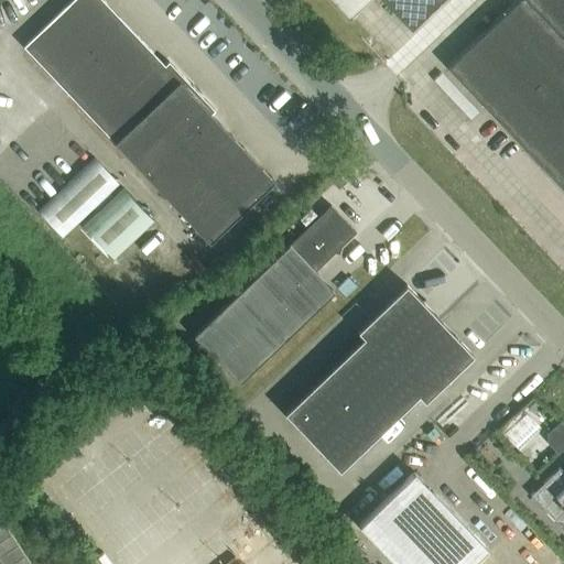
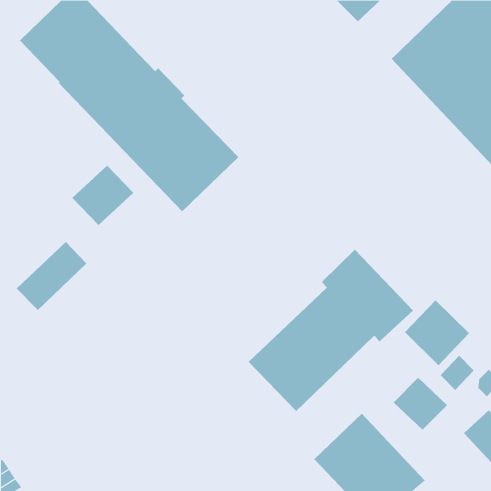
building: [39,160,120,239] -> [16,241,87,311]
building: [195,207,357,386] -> none
building: none -> [404,299,470,366]
building: none -> [393,377,448,431]

